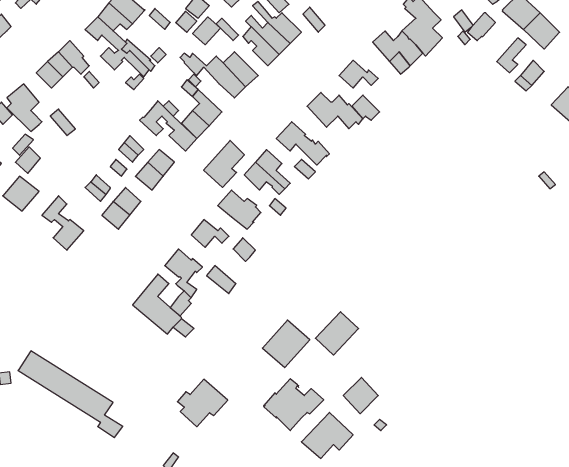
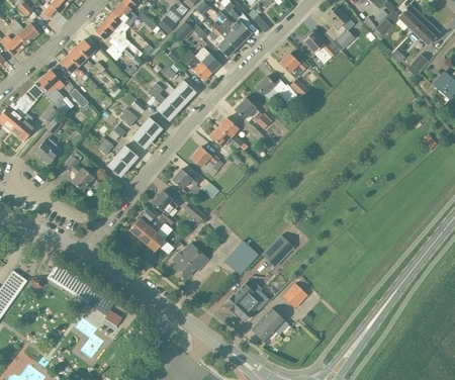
building: [204,140,244,187] -> none
building: [177,379,228,427] -> [172,243,208,277]

